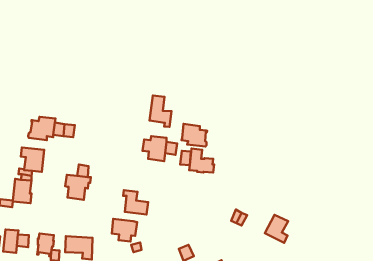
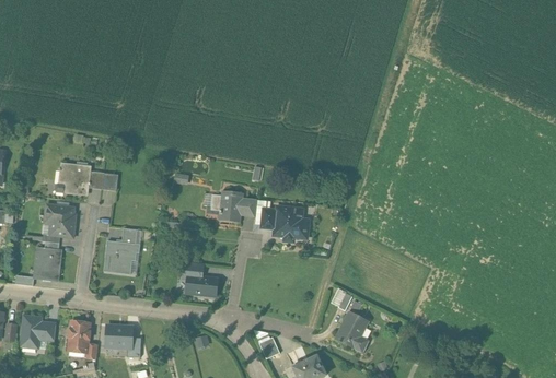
building: [150,96,172,127] -> none
building: [182,124,207,146] -> none
building: [265,215,288,243] -> [335,312,367,351]
building: [112,219,137,241] -> none

